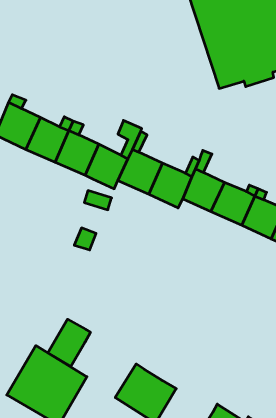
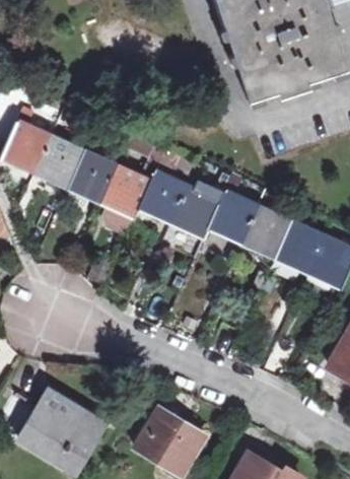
building: [48,319,90,367] -> none

